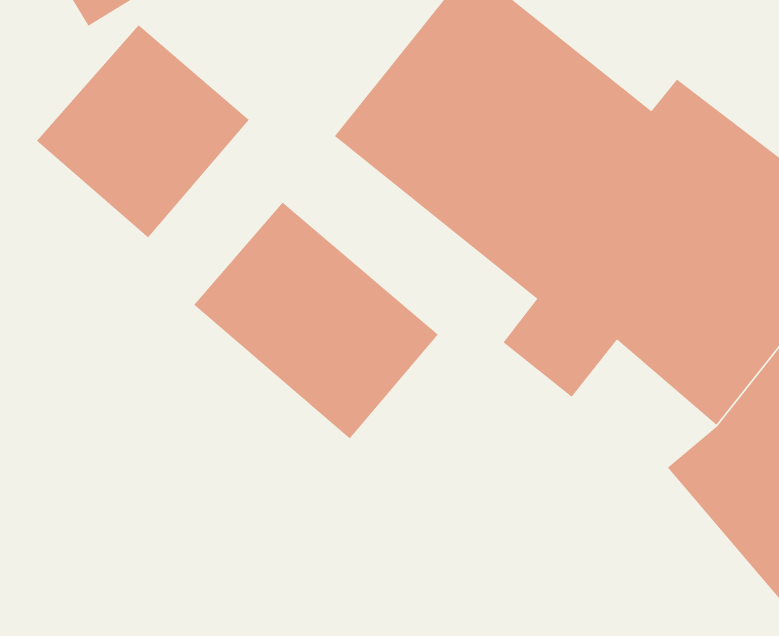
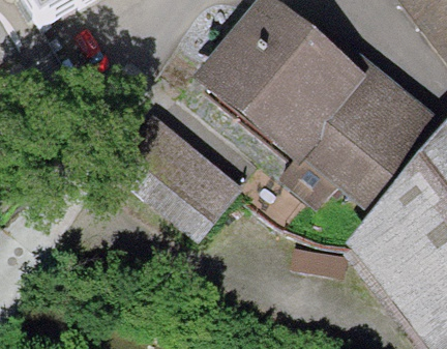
building: [36,24,250,238] -> none

